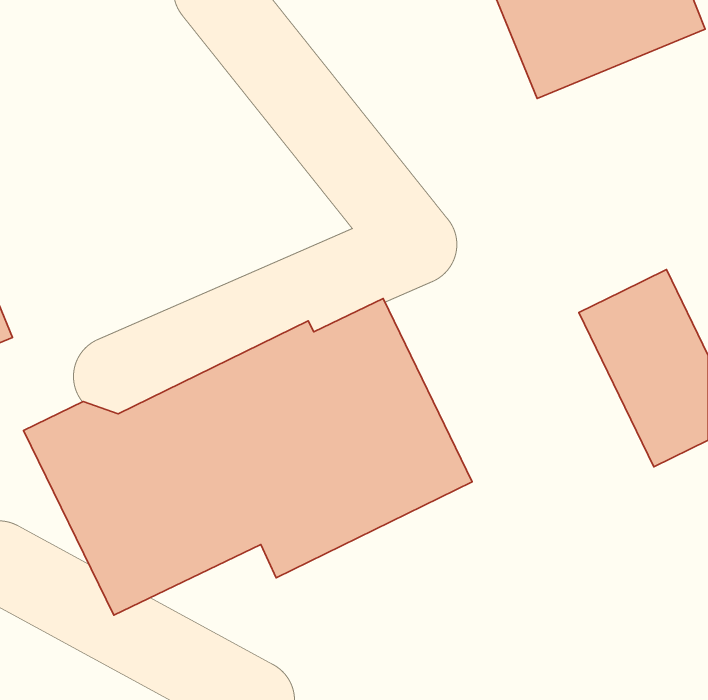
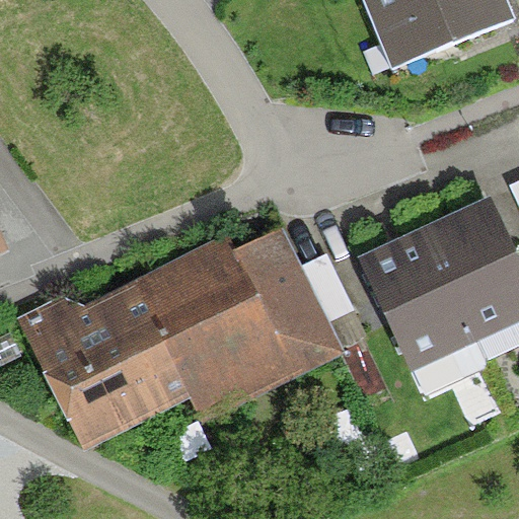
building: none -> [356,228,477,373]

